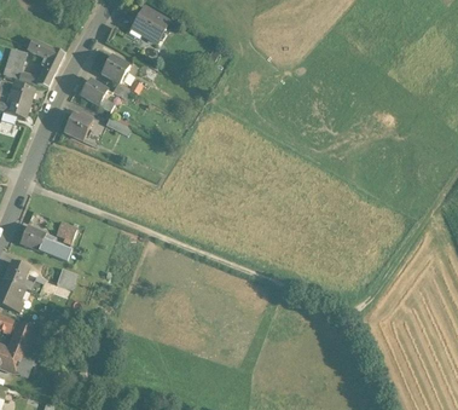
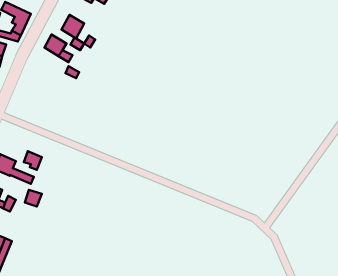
building: [63,111,95,145] -> none

